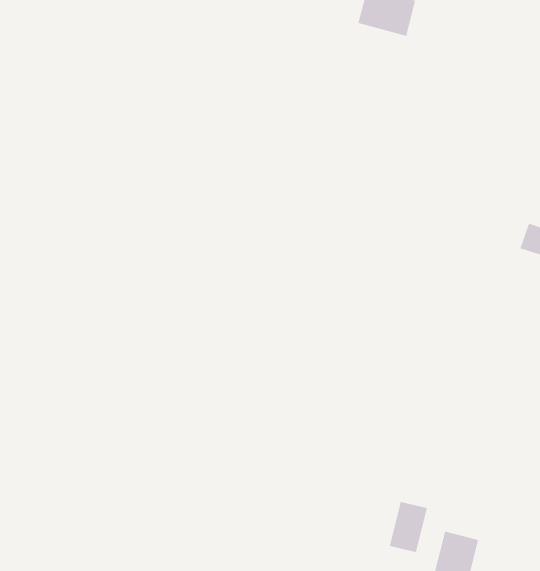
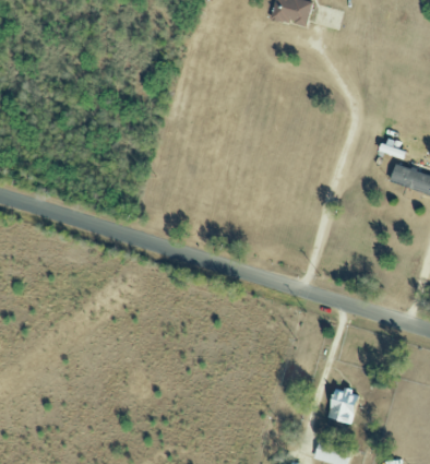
building: [389,501,428,553] -> none

